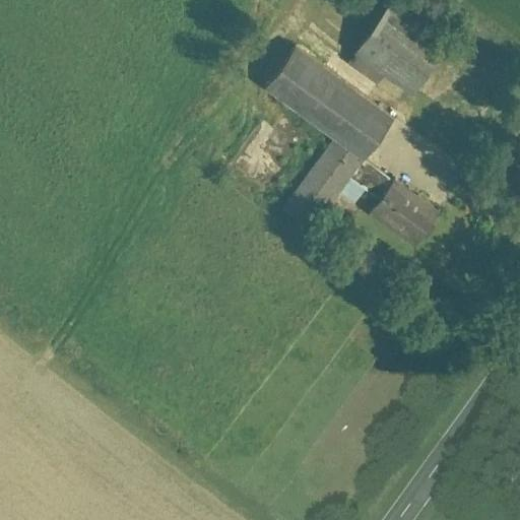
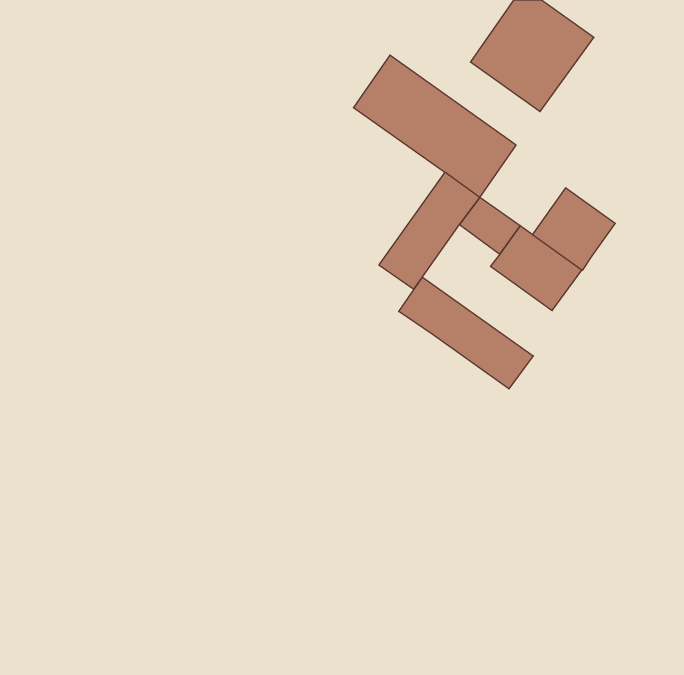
building: none -> [533,188,615,270]
building: none -> [399,277,533,389]

